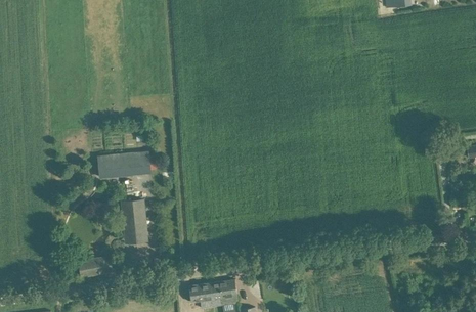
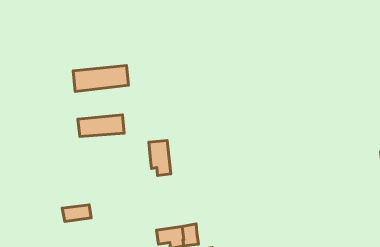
building: none -> [73,66,128,91]
building: [122,199,147,240] -> [149,140,171,175]

